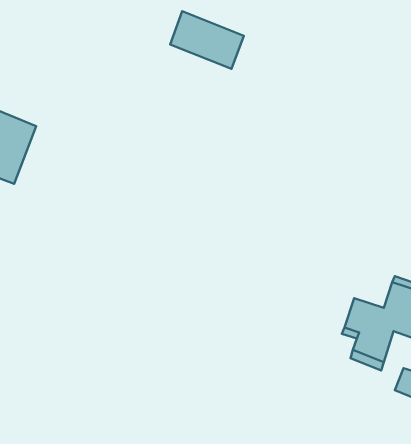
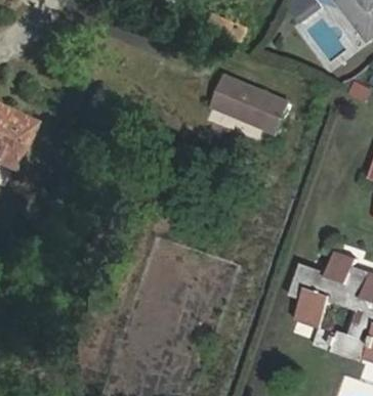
building: [170,11,244,69] -> [210,76,272,124]

